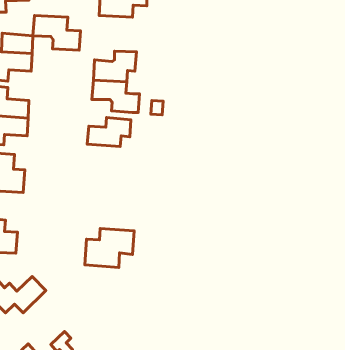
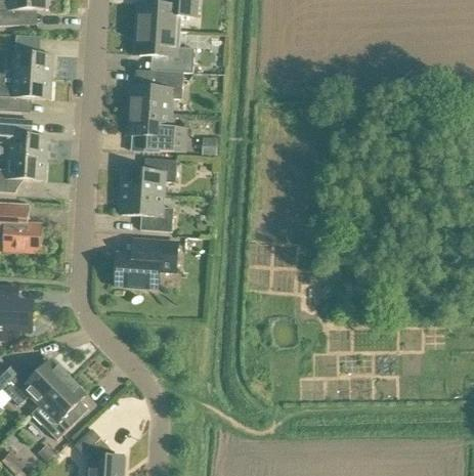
building: [33,16,81,50] -> [133,28,193,72]
building: none -> [119,190,172,230]
building: [85,229,134,267] -> [114,239,176,288]
building: none -> [39,376,85,439]

